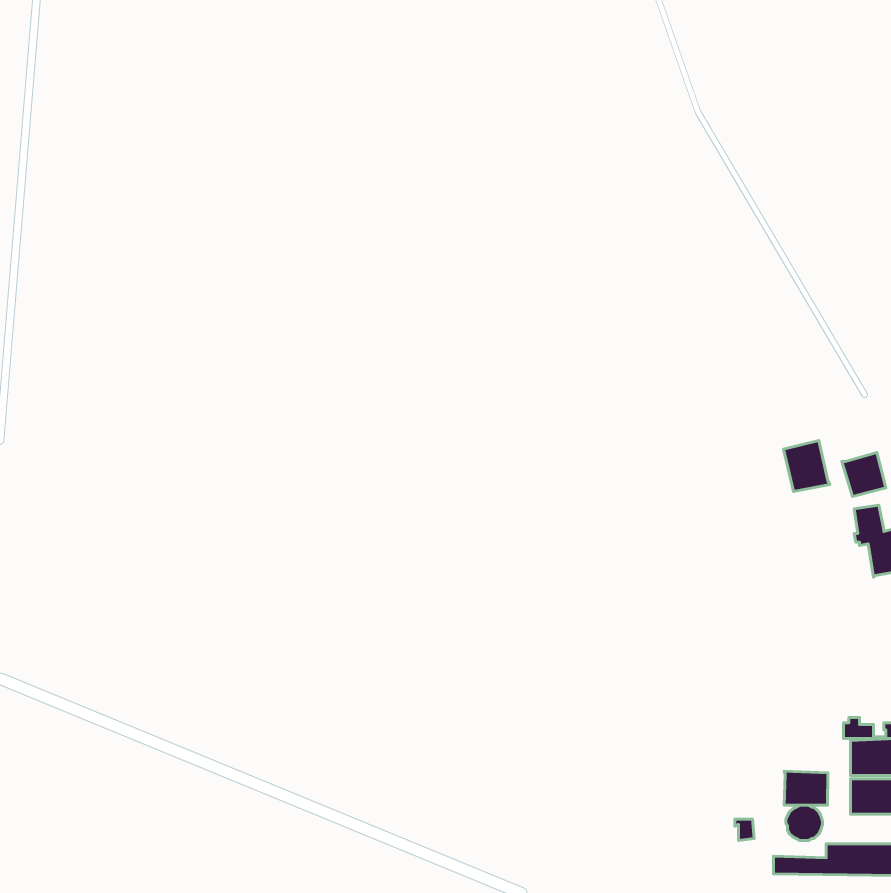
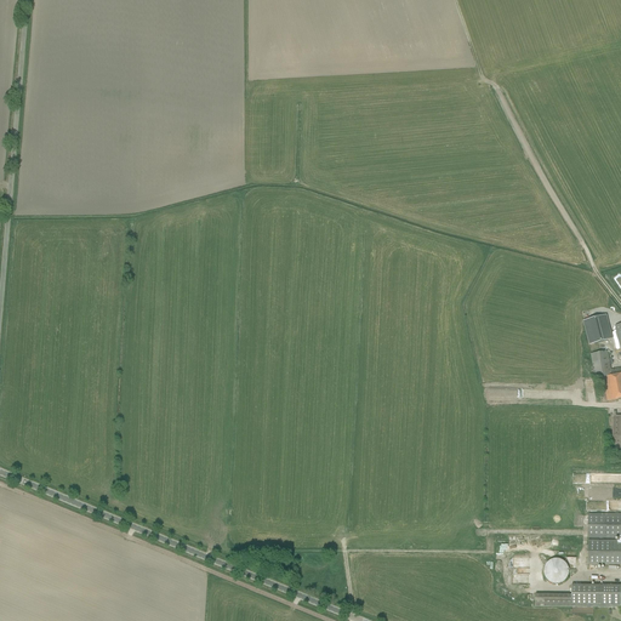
building: [784,440,830,491] -> none
building: [784,771,828,805] -> none

